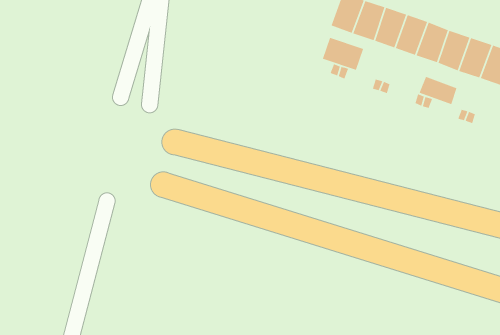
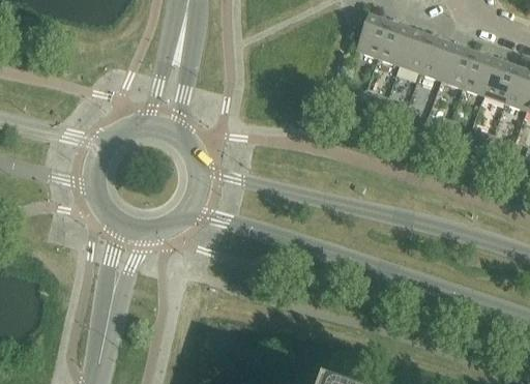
building: [322,37,364,71] -> none
building: [419,76,457,105] -> none

